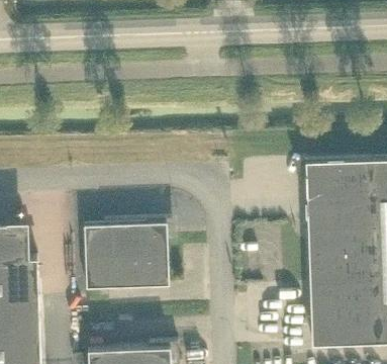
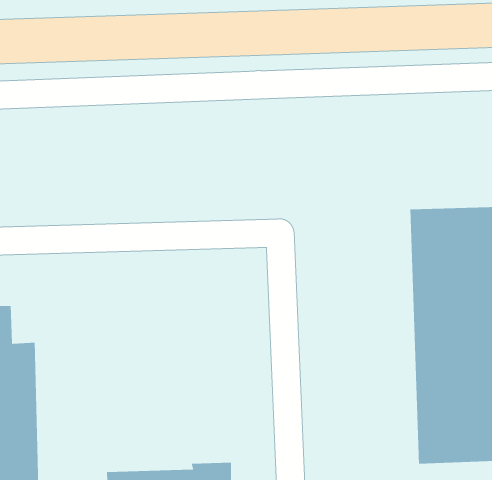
building: [84,225,169,291] -> none

